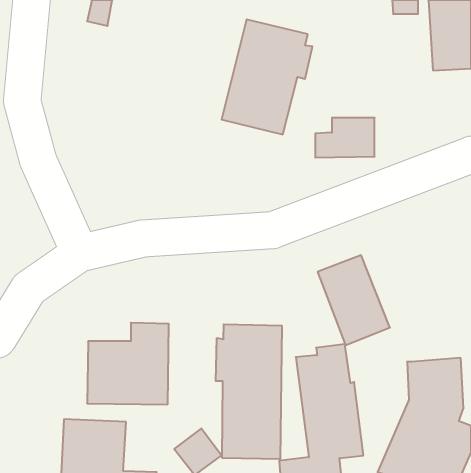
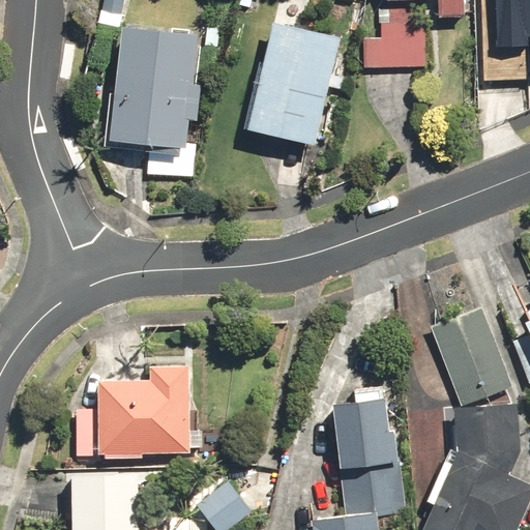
building: none -> [115,27,207,175]
building: [315,118,375,158] -> [362,23,429,67]
building: [318,255,390,345] -> [428,303,508,404]
building: [216,324,282,459] -> none

